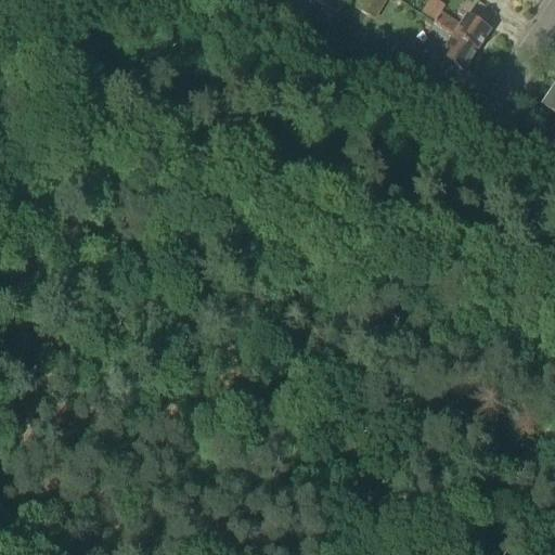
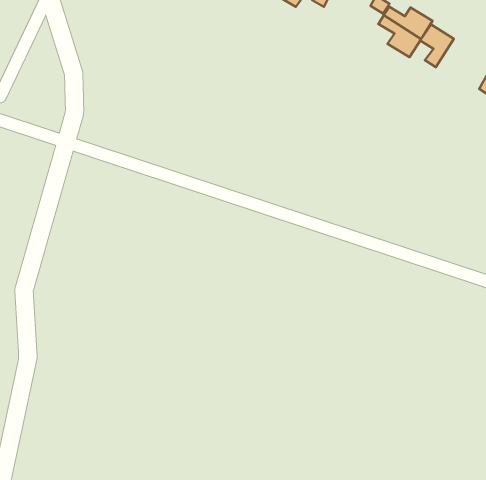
building: none -> [420,24,454,67]

